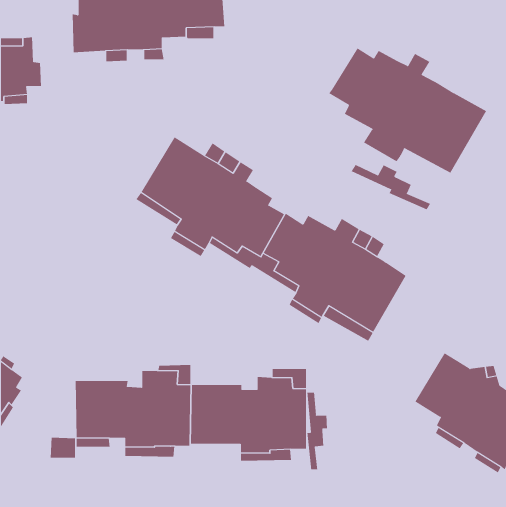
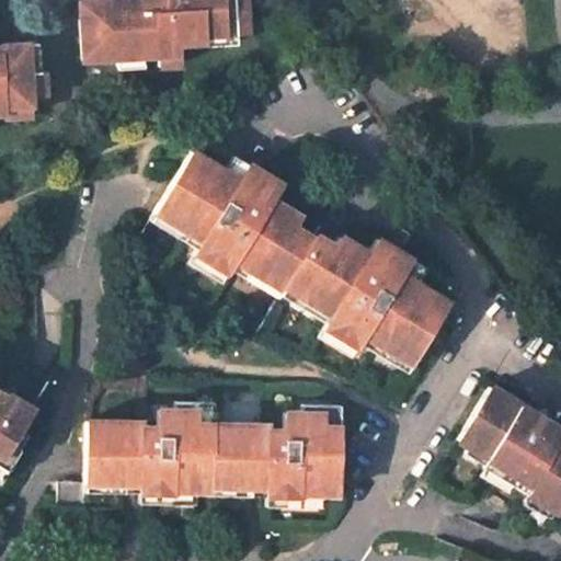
building: [329,47,487,173] -> none
building: [351,164,431,210] -> none
building: [307,392,328,470] -> none

